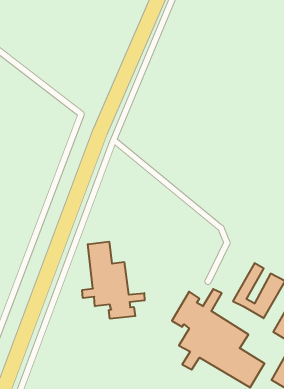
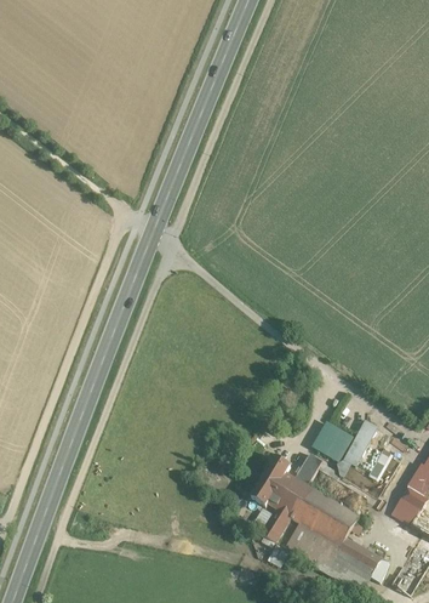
building: [82,242,145,319] -> none
building: none -> [311,419,353,460]

